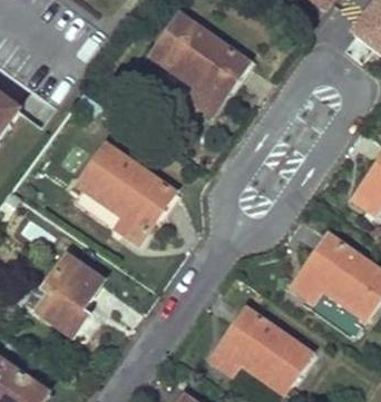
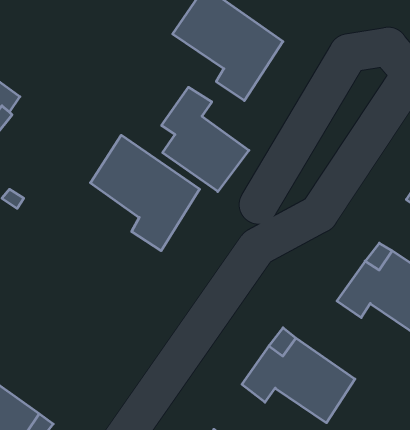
building: none -> [162,87,249,192]
building: [38,256,100,335] -> none

